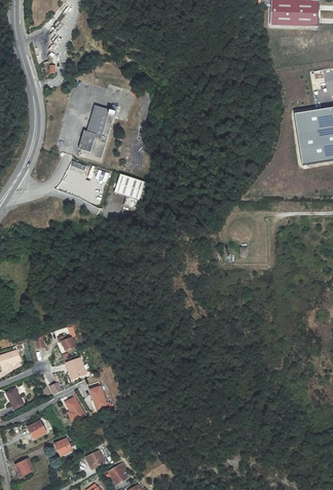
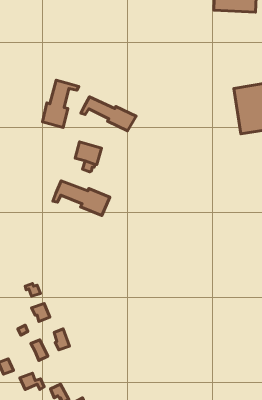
building: none -> [81,97,136,131]
building: none -> [53,181,110,216]

